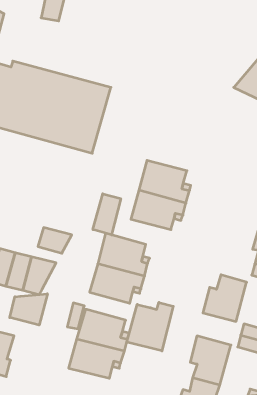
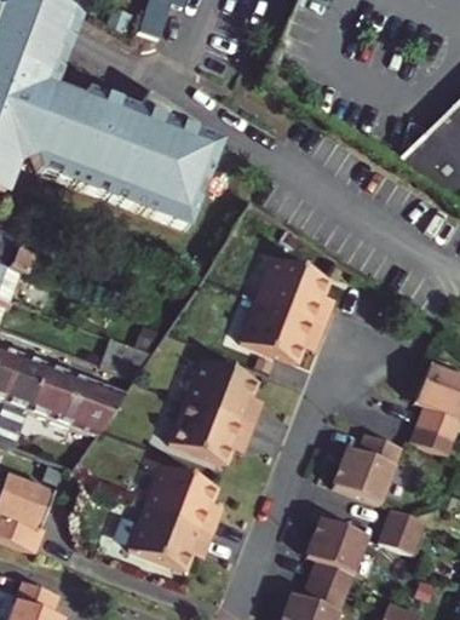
building: [93,194,121,235] -> none
building: [10,294,47,325] -> none
building: [127,302,173,351] -> none

